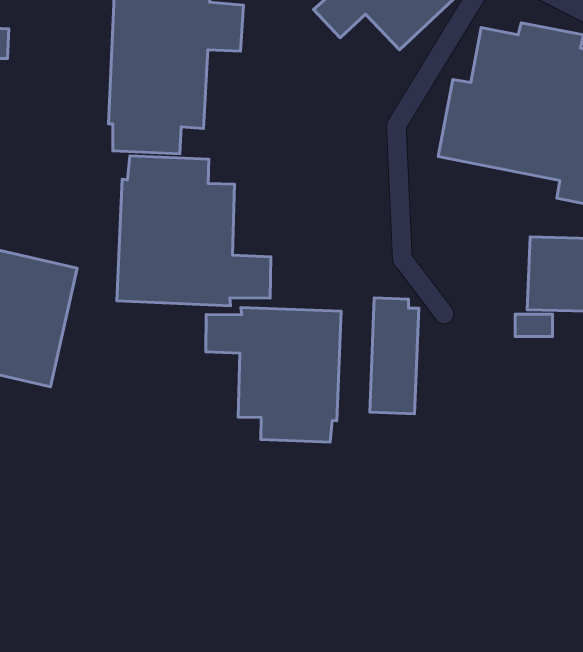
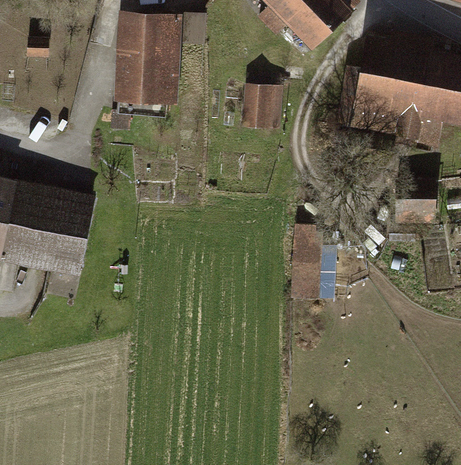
building: none -> [242,84,283,130]
building: [117,156,271,306] -> none
building: [206,307,341,442] -> none

